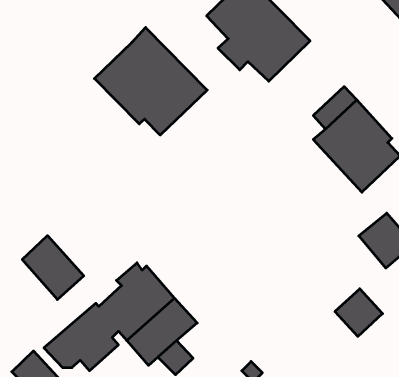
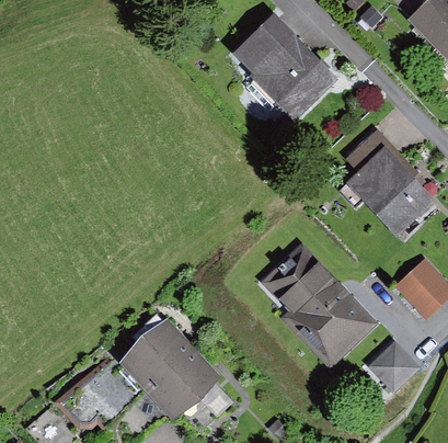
building: [94,27,207,135] -> none
building: none -> [263,242,381,370]
building: [22,236,84,300] -> none

